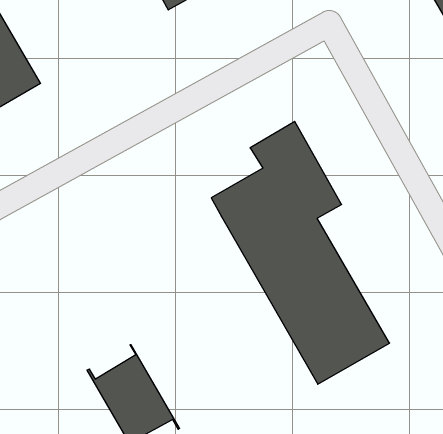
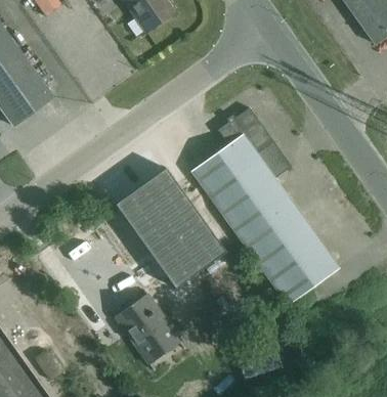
building: none -> [114,167,226,289]

